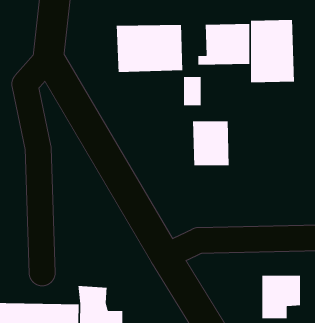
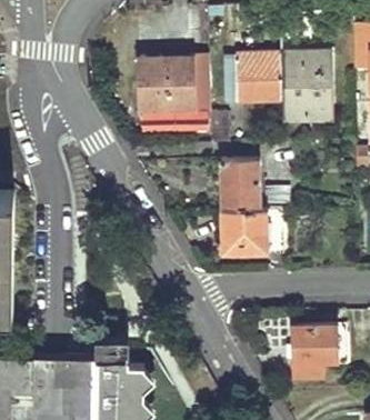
building: none -> [220,211,282,258]

